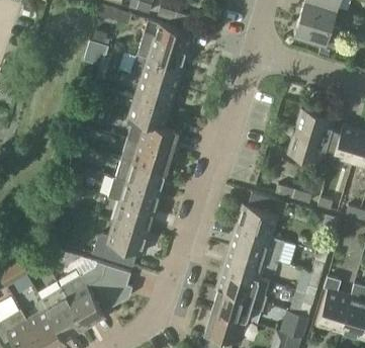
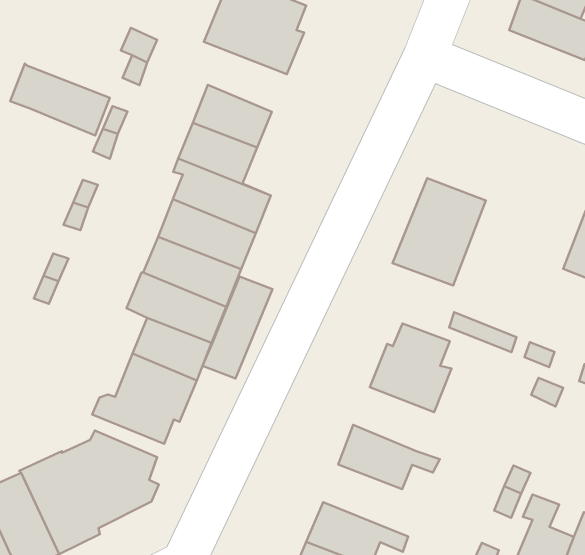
building: [129,54,181,88] -> [10,63,110,136]
building: [290,105,336,160] -> [393,178,486,286]
building: none -> [202,277,272,378]
building: [231,227,284,261] -> none
building: [218,268,267,302] -> none

